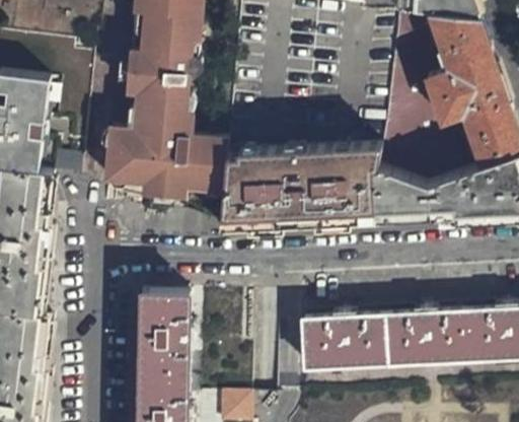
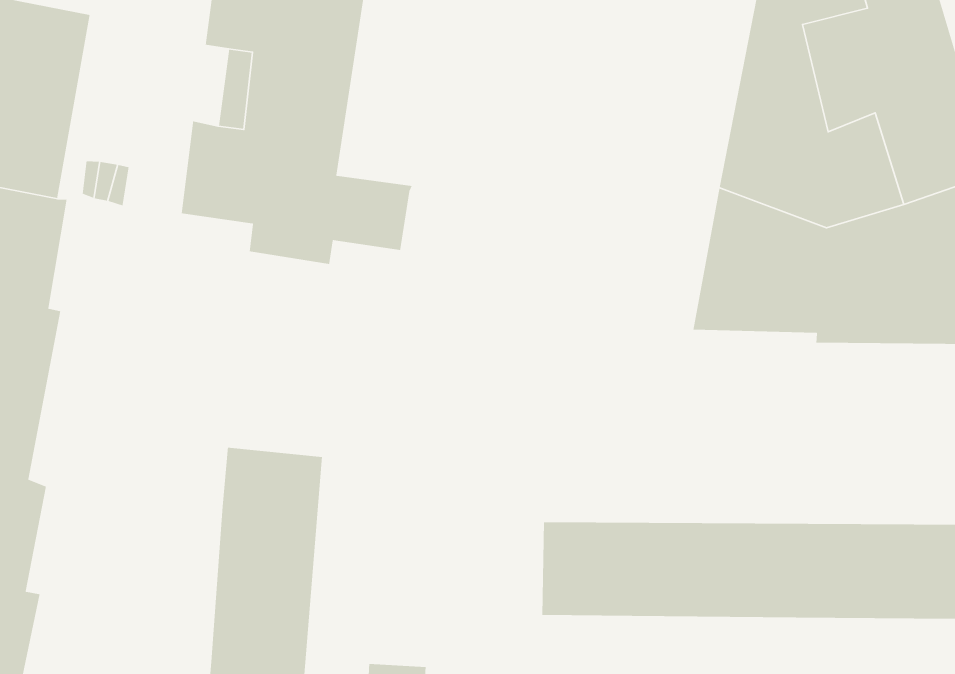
building: [219,144,381,229] -> none

